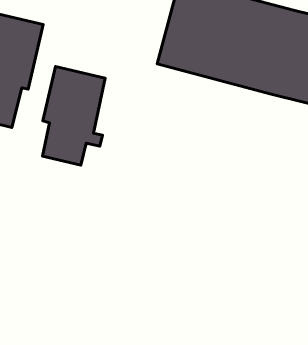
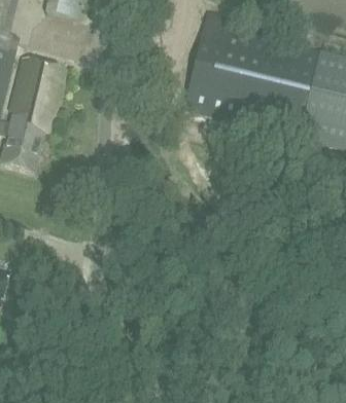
building: [42,66,105,165] -> none

